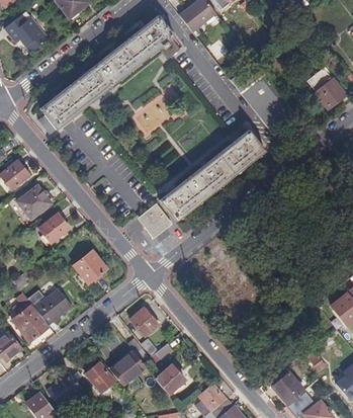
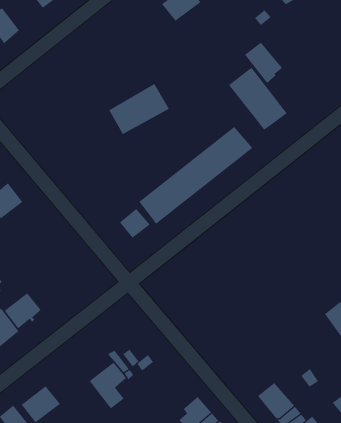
building: [39,16,181,136] -> none
building: [305,68,342,107] -> [244,42,283,84]
building: [39,212,72,244] -> none
building: [71,252,104,285] -> none
building: [128,303,156,331] -> none
building: [86,359,114,391] -> none
building: [158,366,186,395] -> none

